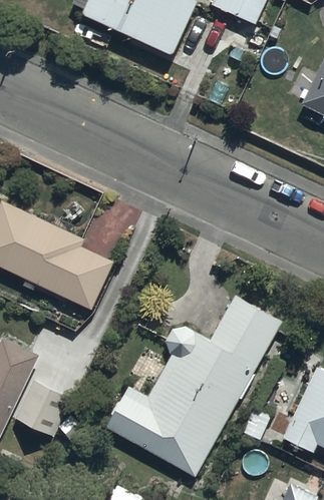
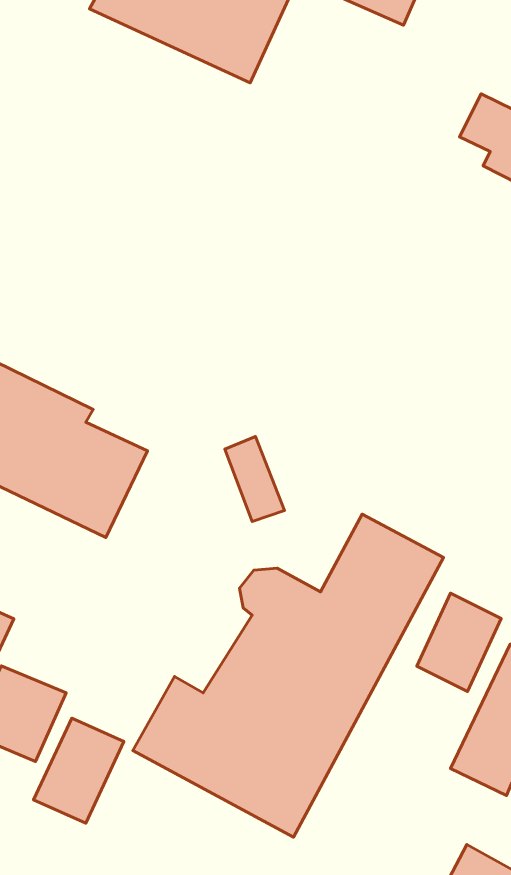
building: none -> [417,593,501,692]
building: none -> [34,718,124,823]

